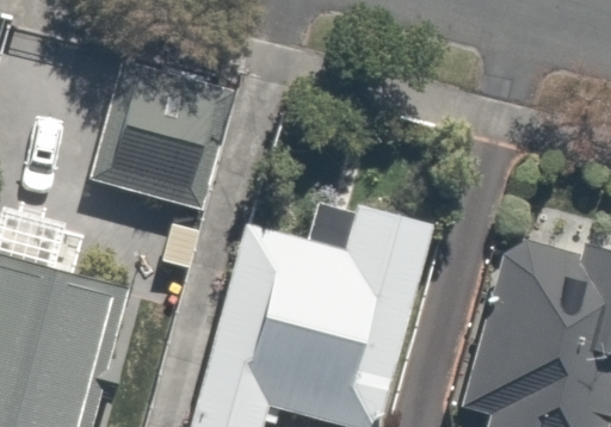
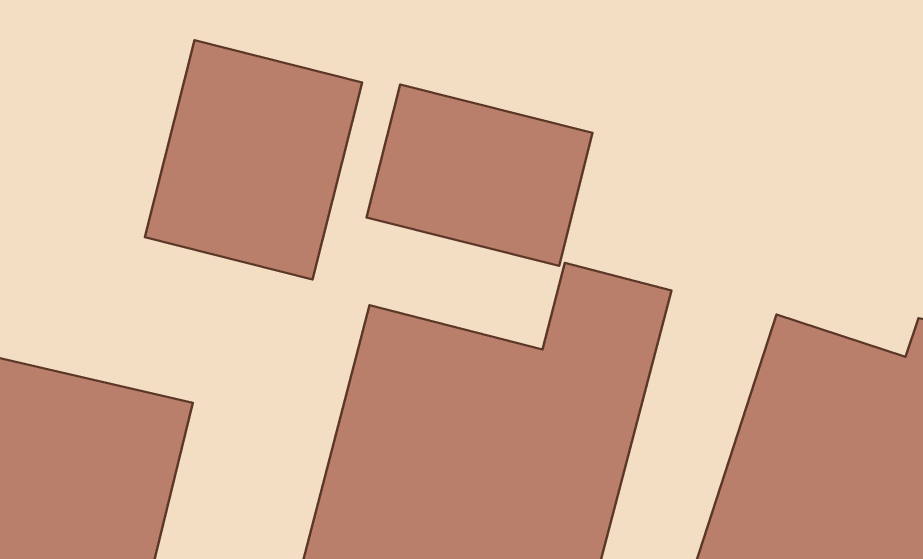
building: none -> [367,84,593,266]

